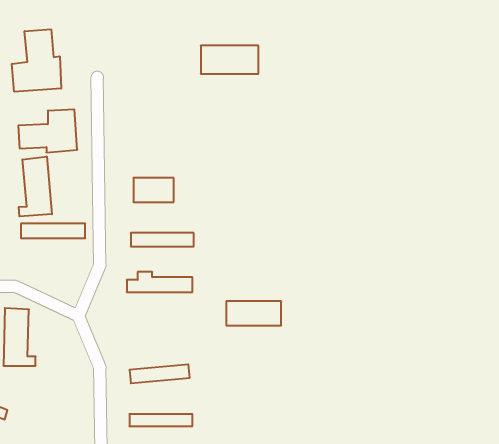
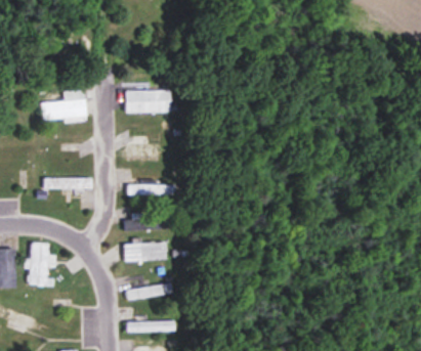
building: [12,29,61,92] -> none
building: [201,46,258,74] -> [125,90,169,112]
building: [19,156,52,216] -> none
building: [226,301,281,325] -> [124,243,166,261]

